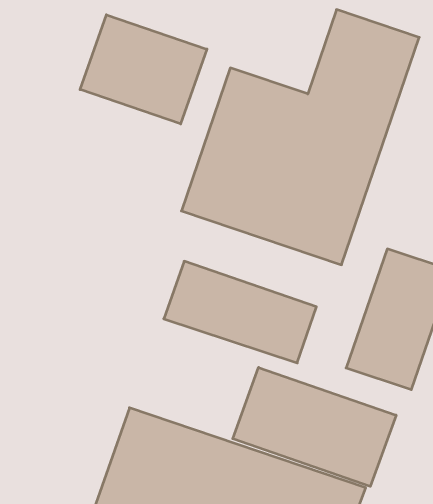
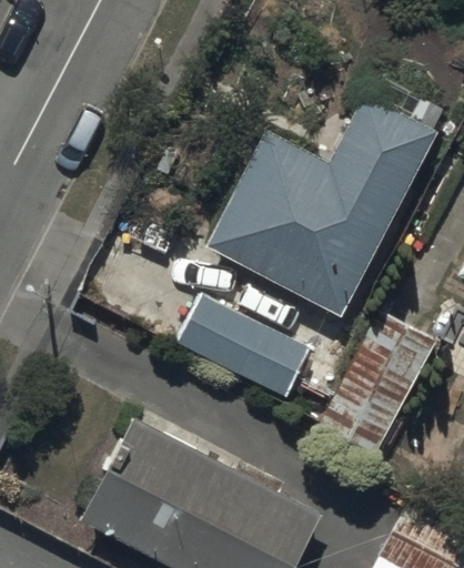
building: [80,15,207,124] -> none
building: [233,367,396,486] -> none

